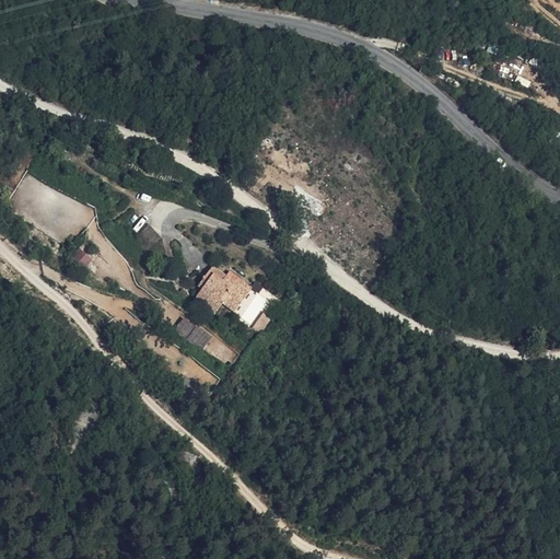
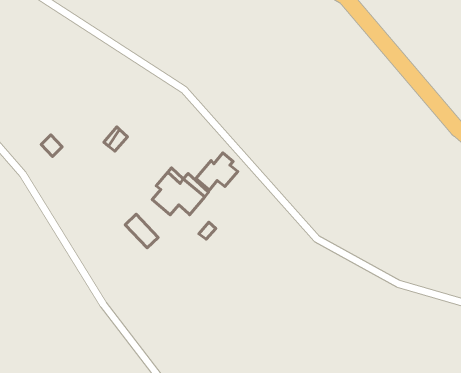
building: none -> [196,153,238,190]

